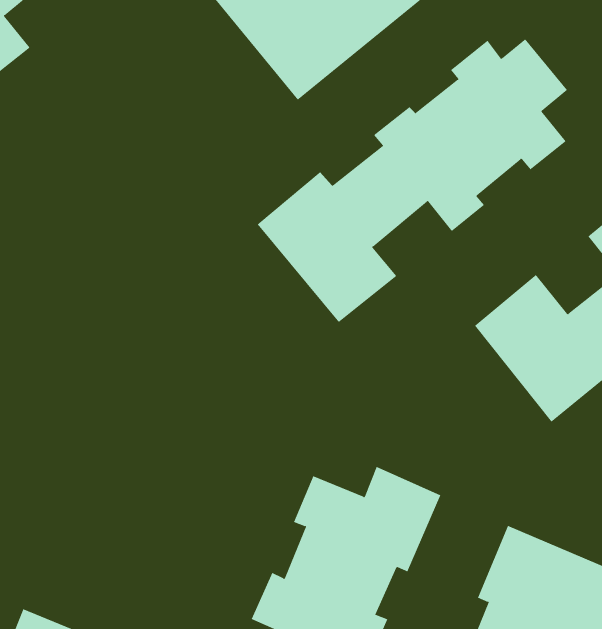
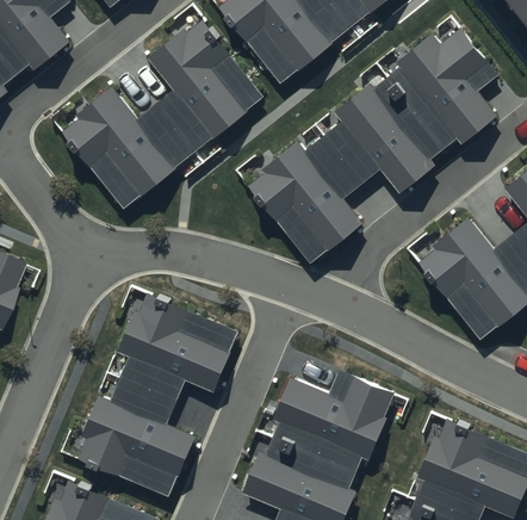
building: none -> [58,24,260,208]
building: none -> [81,295,236,494]

